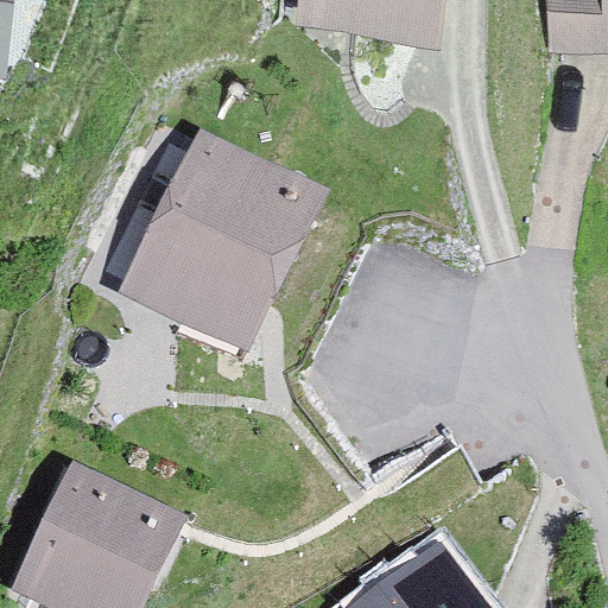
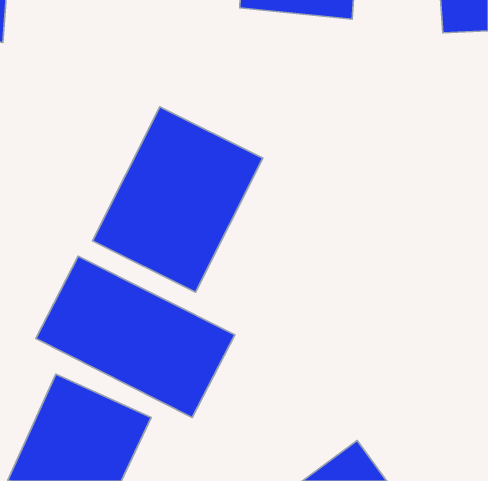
building: none -> [36,256,235,418]

